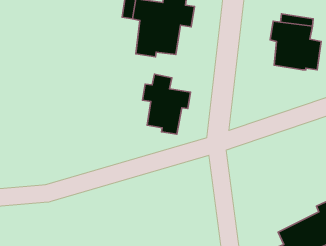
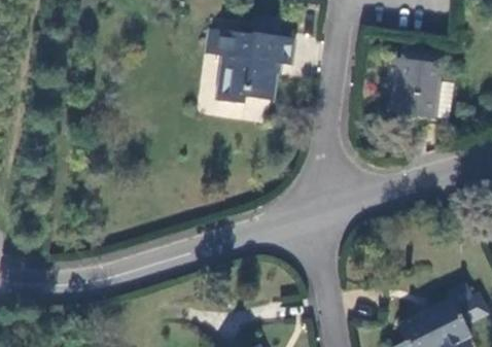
building: [143,74,190,134] -> none

